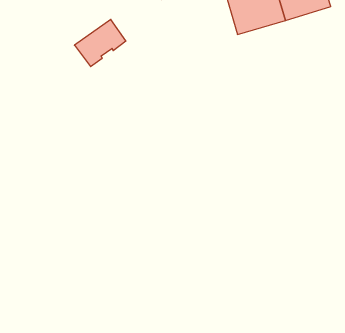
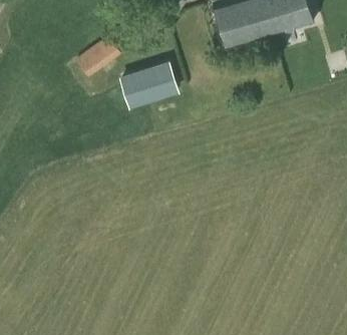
building: none -> [119,61,178,104]

